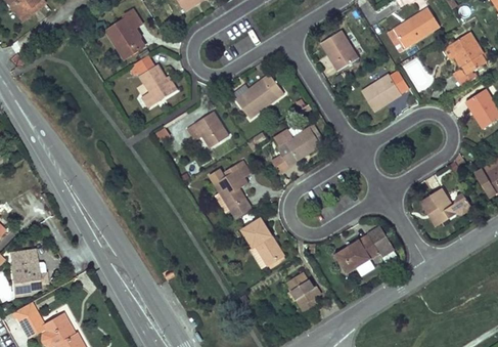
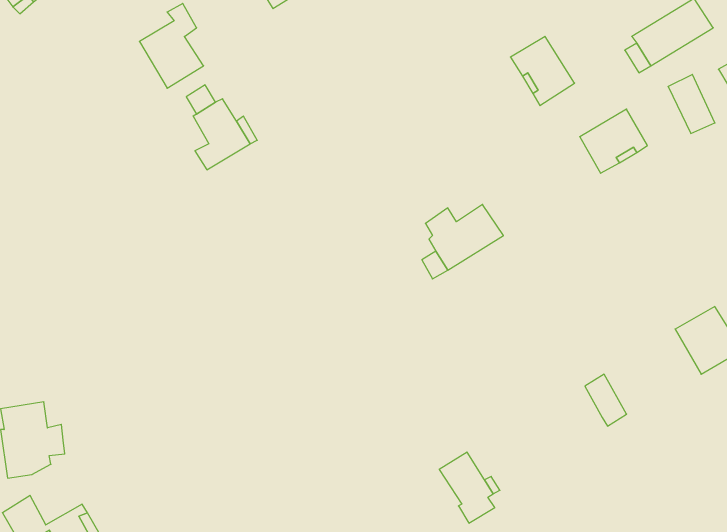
building: [228,75,274,121] -> none
building: [179,113,224,150] -> none
building: [209,163,245,221] -> none
building: [235,220,277,270] -> none
building: [332,236,375,274] -> none

